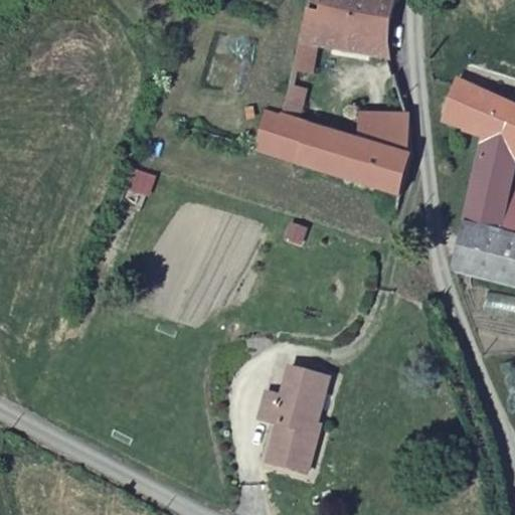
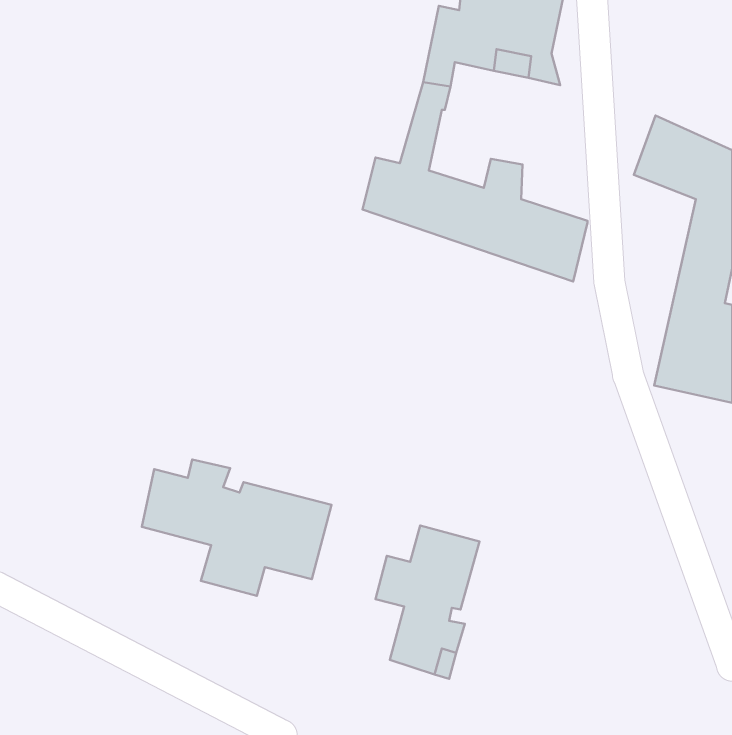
building: [363,115,409,154] -> none
building: none -> [142,459,331,596]

